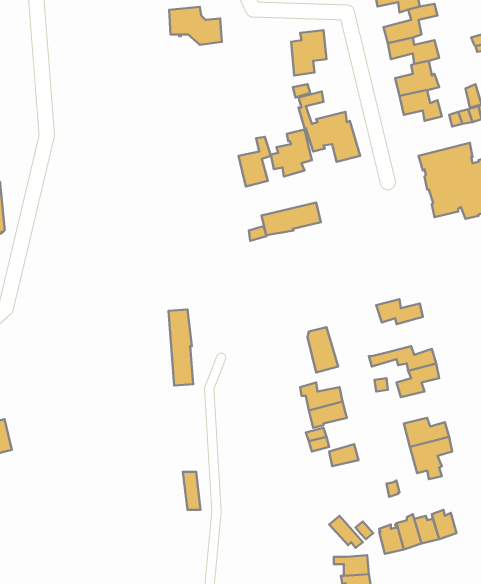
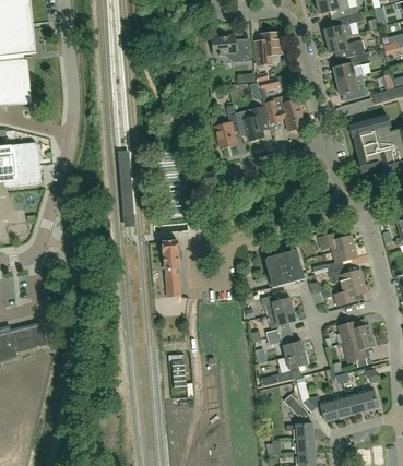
building: [169,7,222,45] -> [212,34,251,62]
building: [261,203,321,235] -> none
building: none -> [312,246,356,275]
building: none -> [281,249,305,283]
building: none -> [277,353,307,382]

